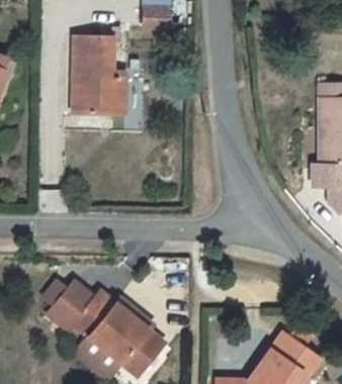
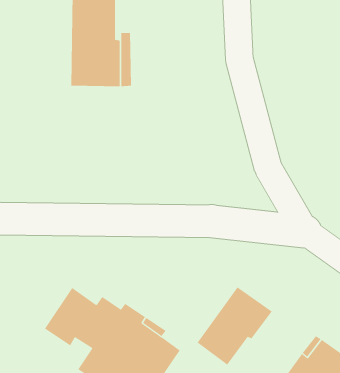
building: none -> [197,286,272,365]

